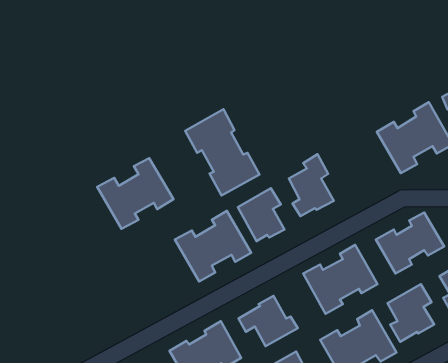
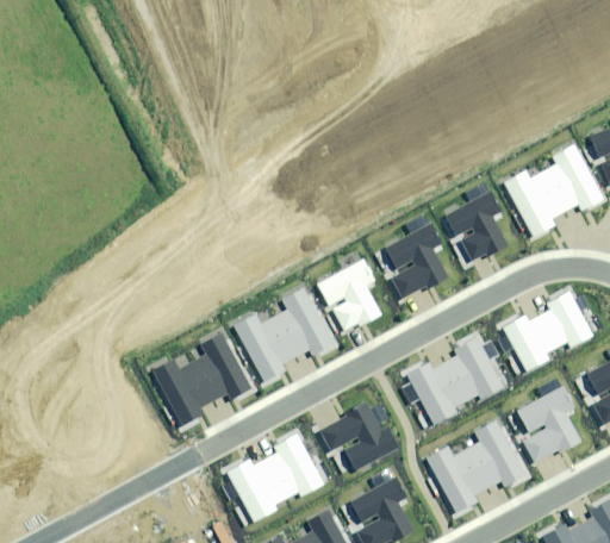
building: [185,109,259,195] -> none
building: none -> [448,182,508,258]
building: [97,158,173,229] -> [151,332,253,426]

